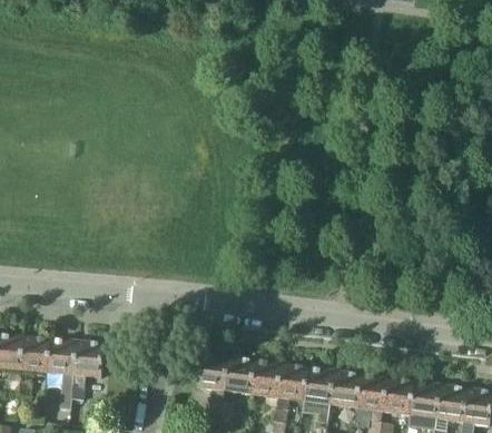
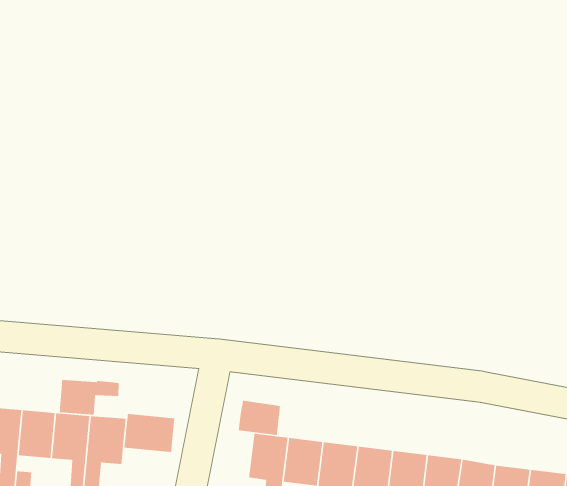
building: none -> [59,379,120,415]
building: none -> [238,400,281,436]
building: none -> [124,413,175,453]

